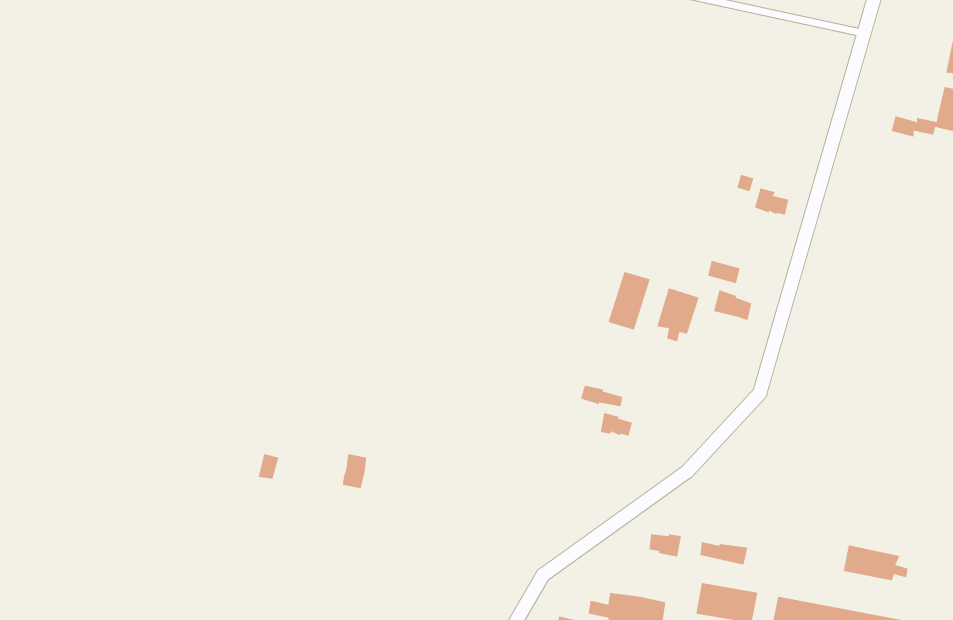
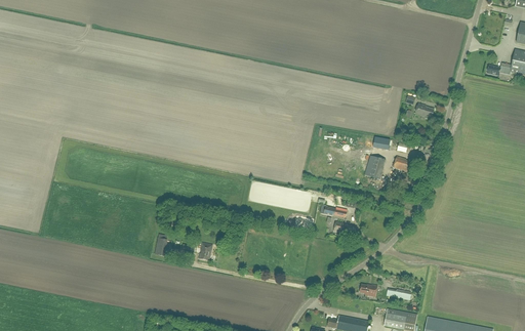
building: [608,271,650,330] -> none
building: [843,545,908,581] -> none

